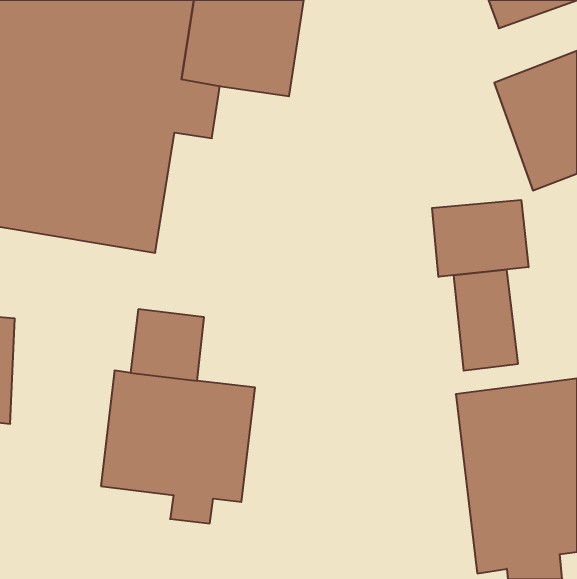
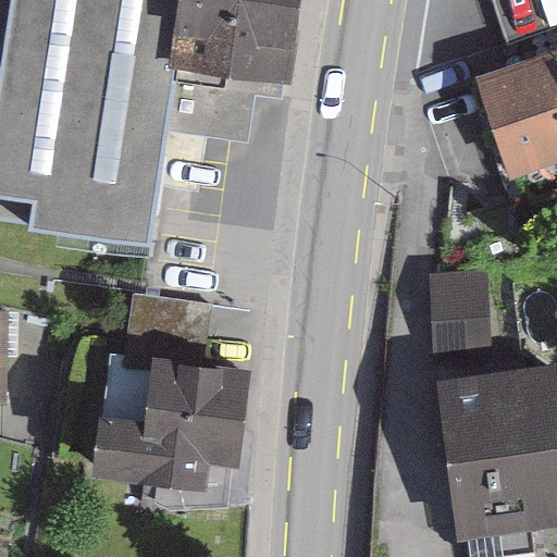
building: [432,200,528,277] -> none

